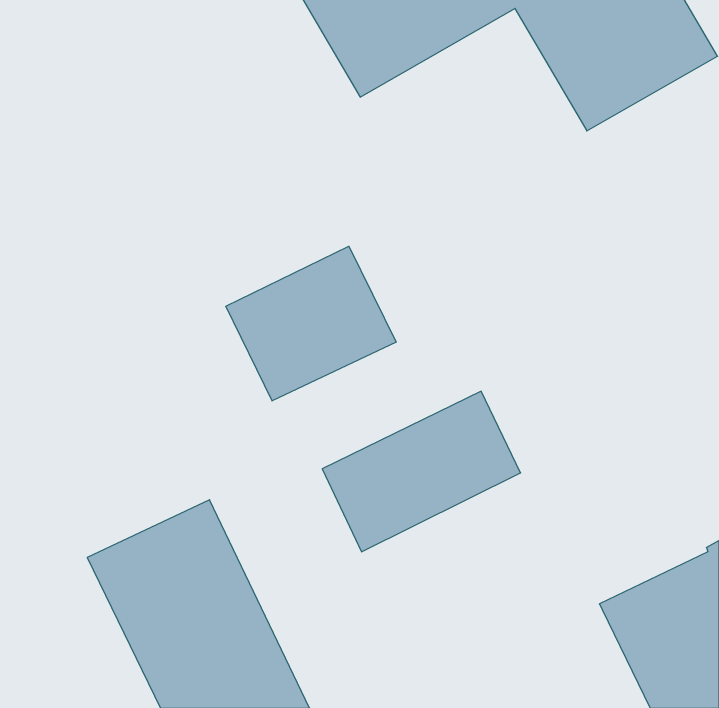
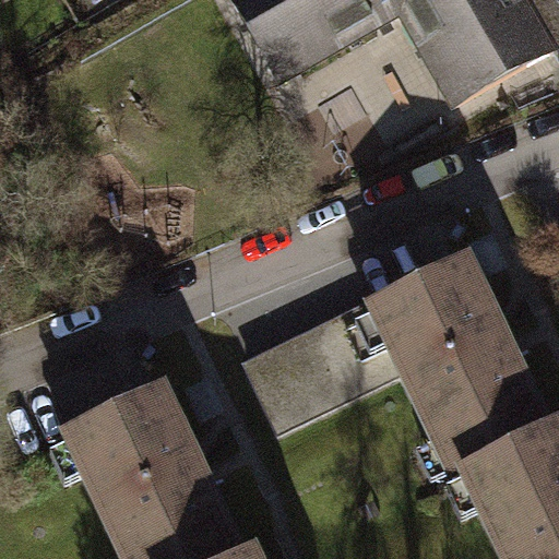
building: [226,246,396,401] -> none
building: none -> [373,258,549,477]

